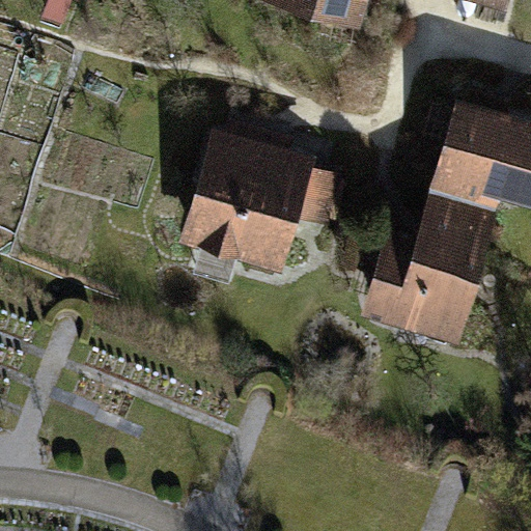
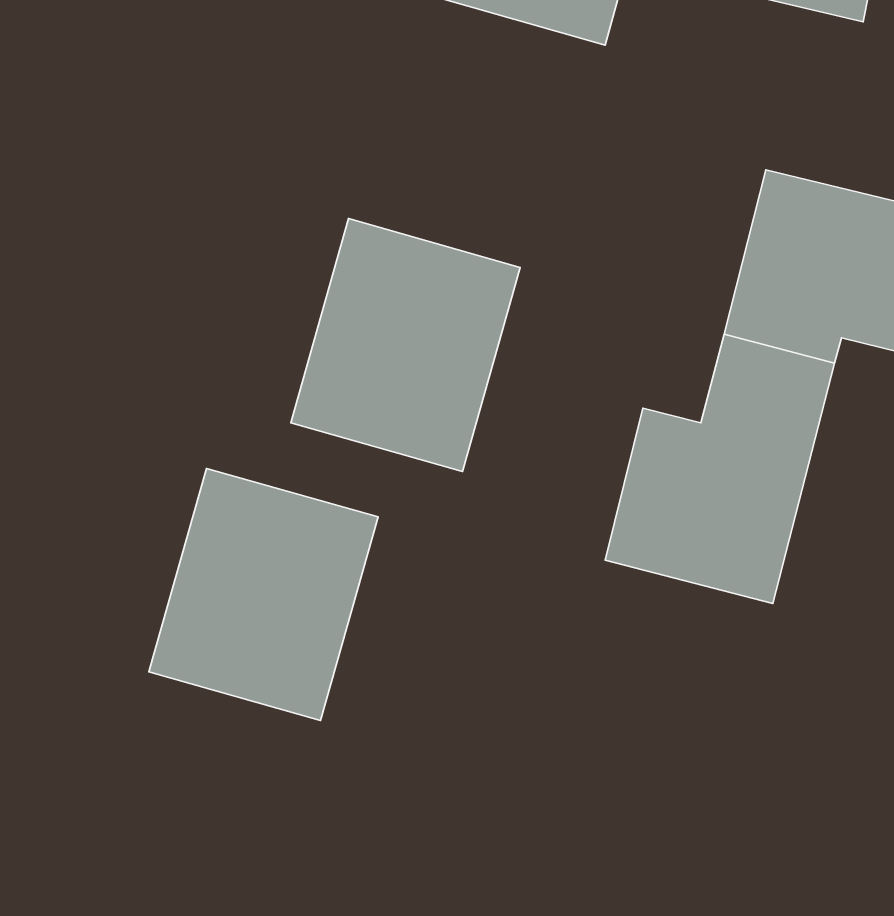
building: none -> [149,468,378,720]

